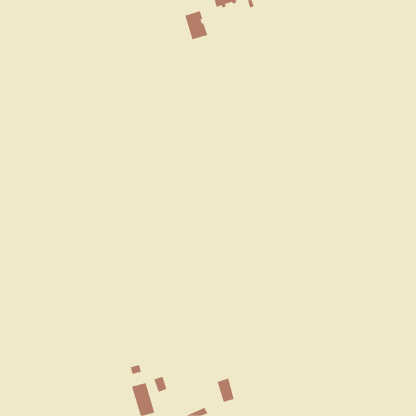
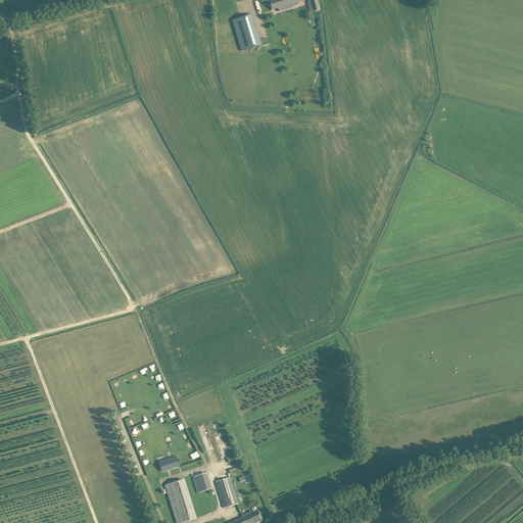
building: [217,378,235,402] -> [215,476,237,507]

